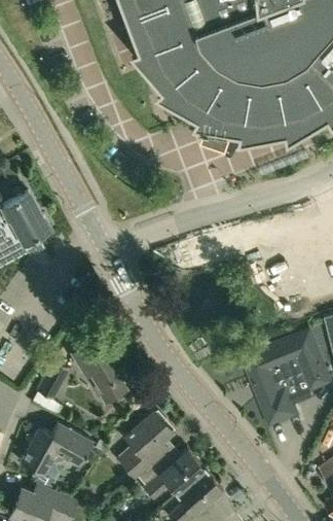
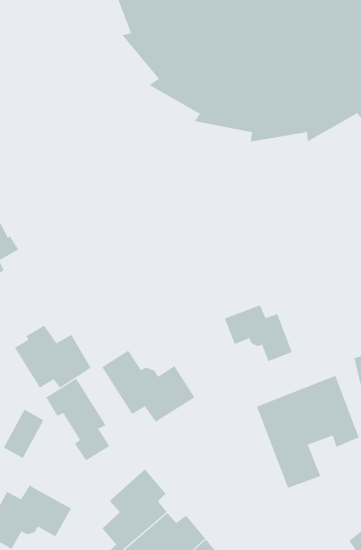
building: none -> [224,305,293,362]
building: none -> [14,325,92,389]
building: none -> [102,350,195,423]

